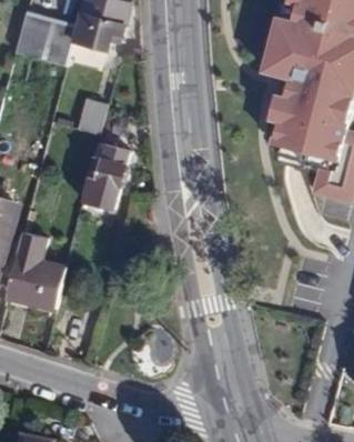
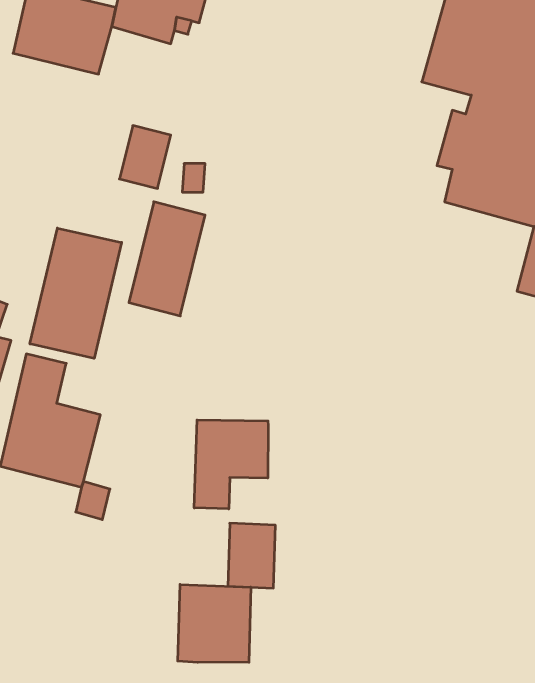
building: none -> [30,228,122,358]
building: none -> [194,420,268,509]
building: none -> [178,584,251,662]

